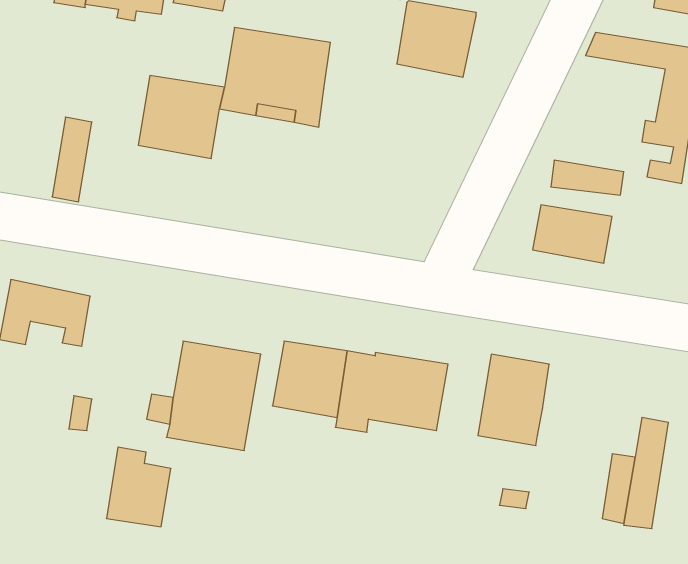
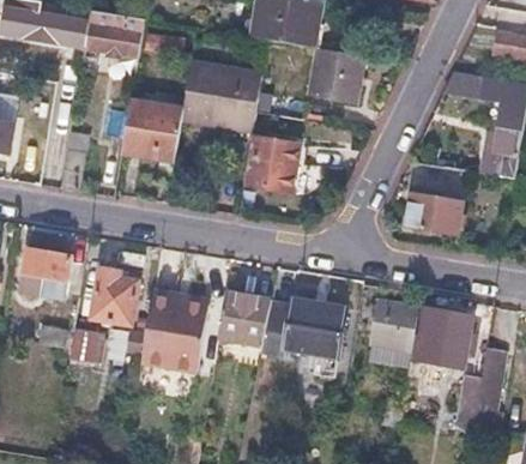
building: none -> [243,138,300,192]
building: none -> [410,312,474,370]
building: [106,447,171,527] -> [92,266,139,324]

